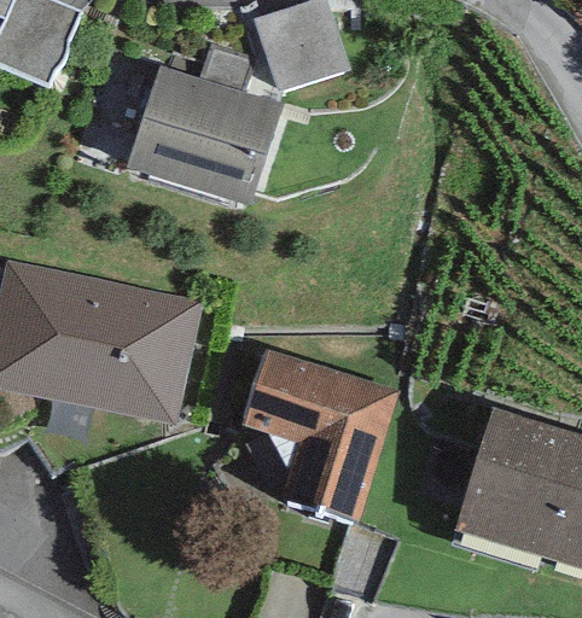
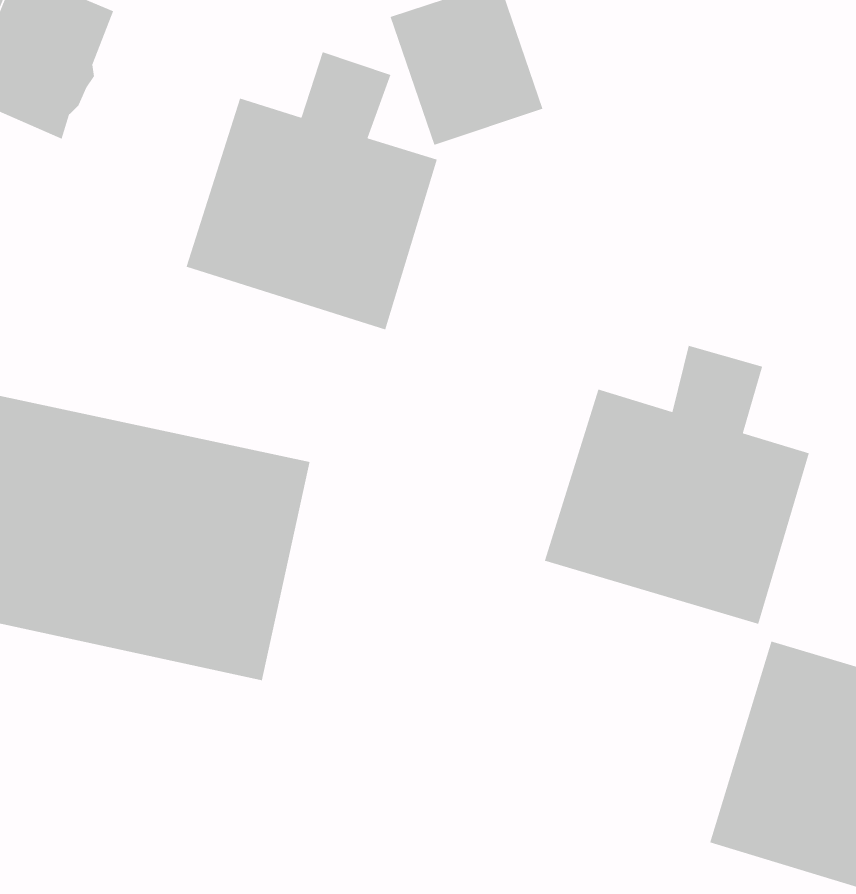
building: none -> [544,345,810,625]
building: [243,345,397,519] -> none

